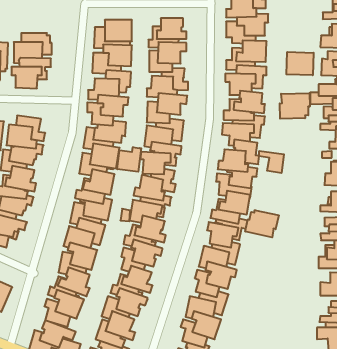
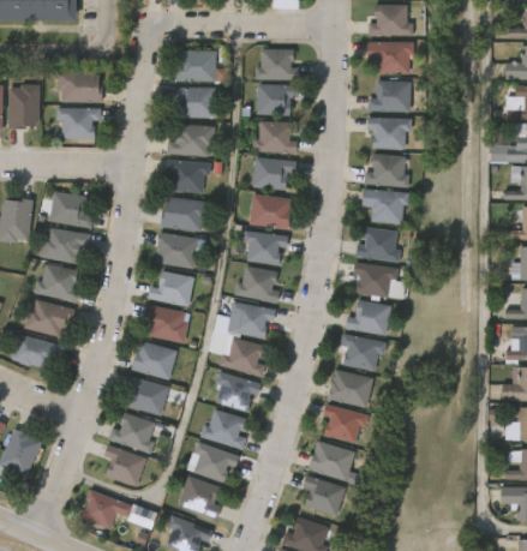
building: [286,52,314,75] -> none
building: [280,93,310,119] -> none
building: [117,147,141,172] -> none
building: [259,151,284,173] -> none
building: [245,210,279,237] -> none

